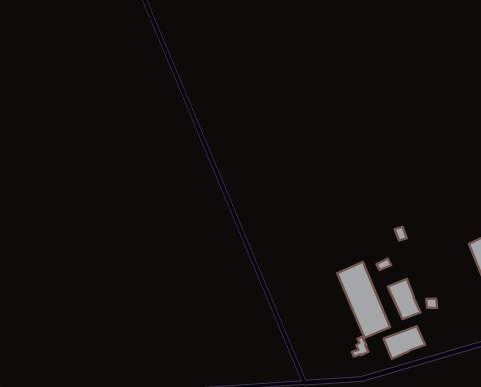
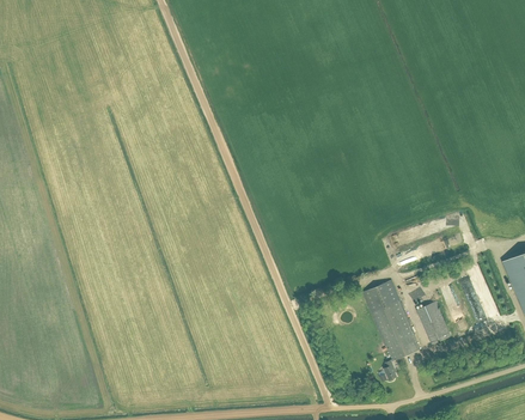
building: [383,326,425,359] -> none

